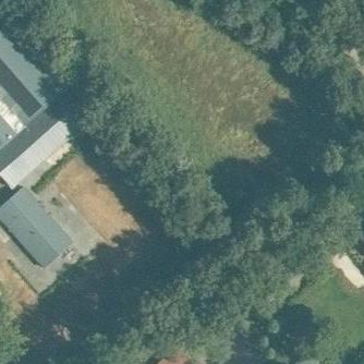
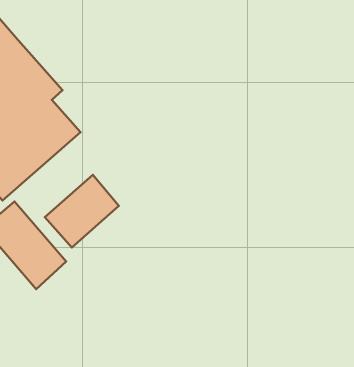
building: none -> [45,175,119,248]

